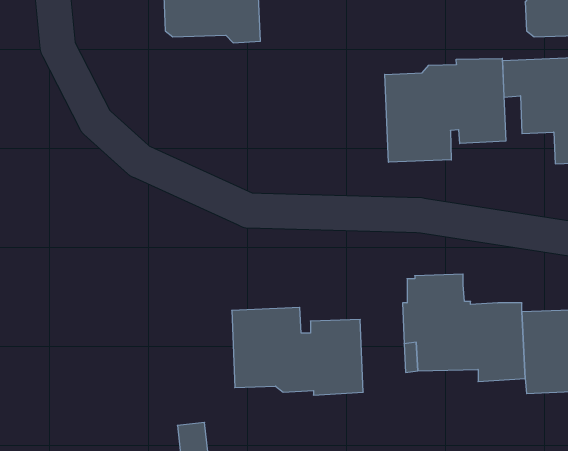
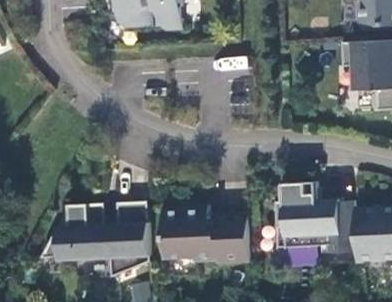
building: [385,58,506,162] -> none
building: none -> [42,200,148,276]

